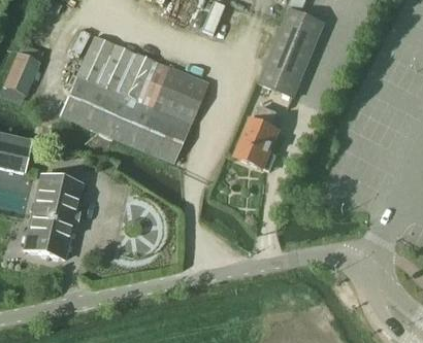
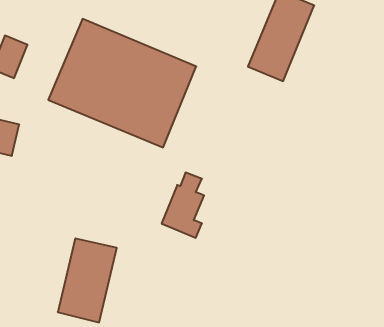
building: [236,105,279,170] -> [162,173,204,238]
building: [23,175,82,259] -> [58,238,117,322]

